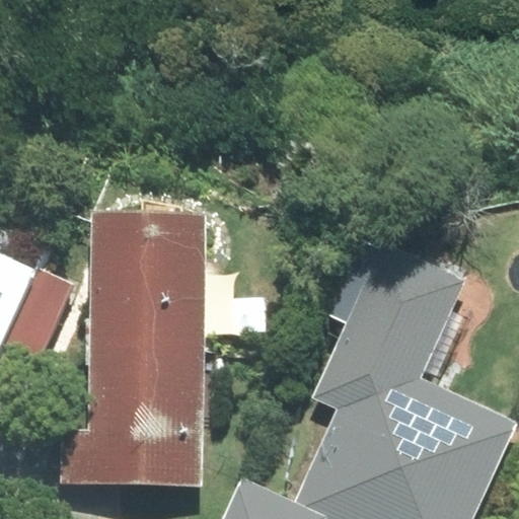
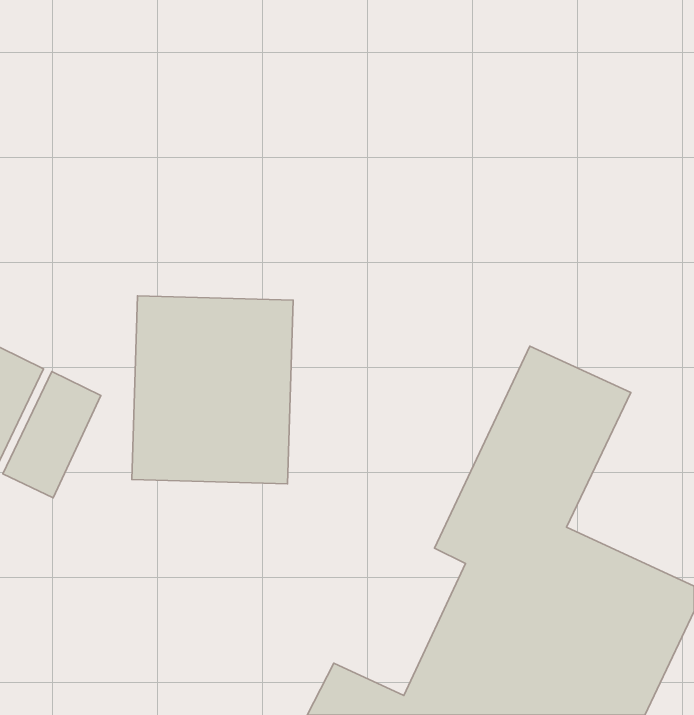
building: [63,347,208,487] -> none

